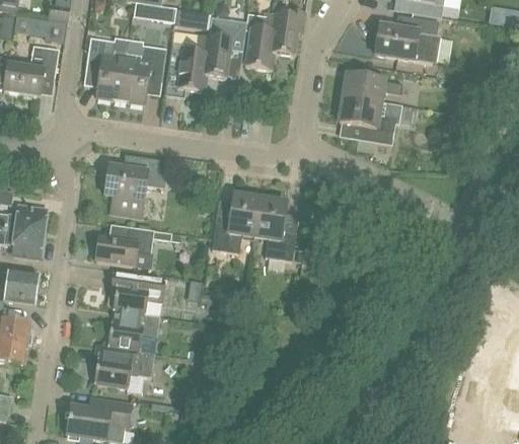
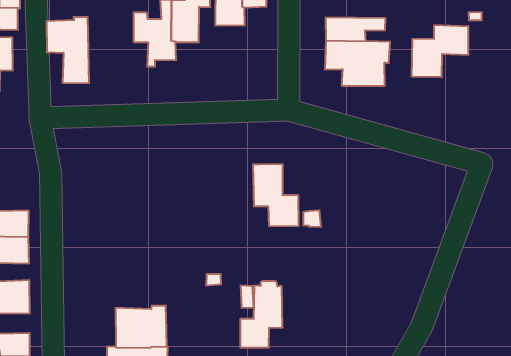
building: [120,40,166,103] -> none
building: none -> [412,25,468,77]
building: [104,156,166,218] -> none
building: [212,191,258,252] -> [240,281,283,347]
building: [94,226,171,268] -> none
building: [107,272,165,316] -> none

